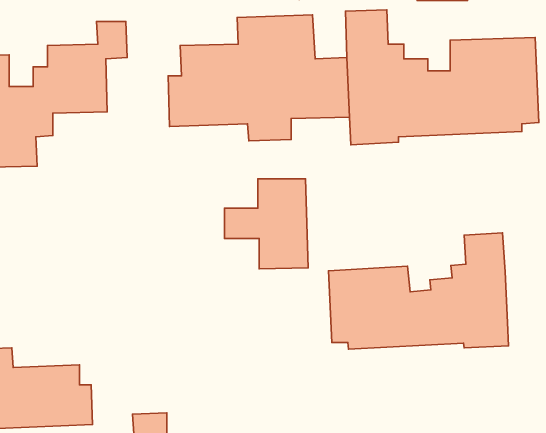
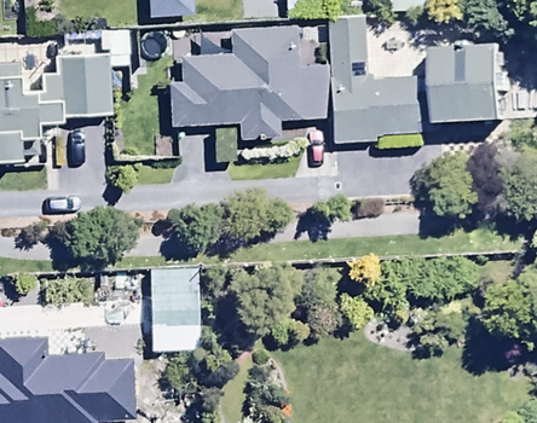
building: [225,179,308,269] -> [120,268,196,350]
building: [328,233,509,349] -> none

